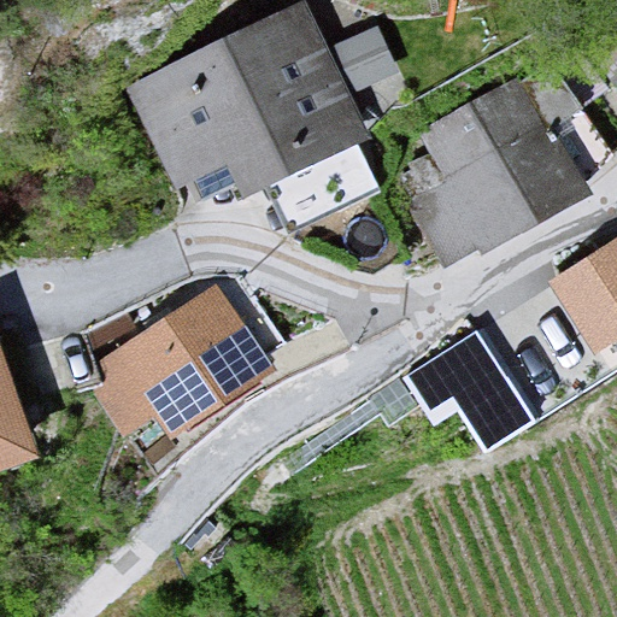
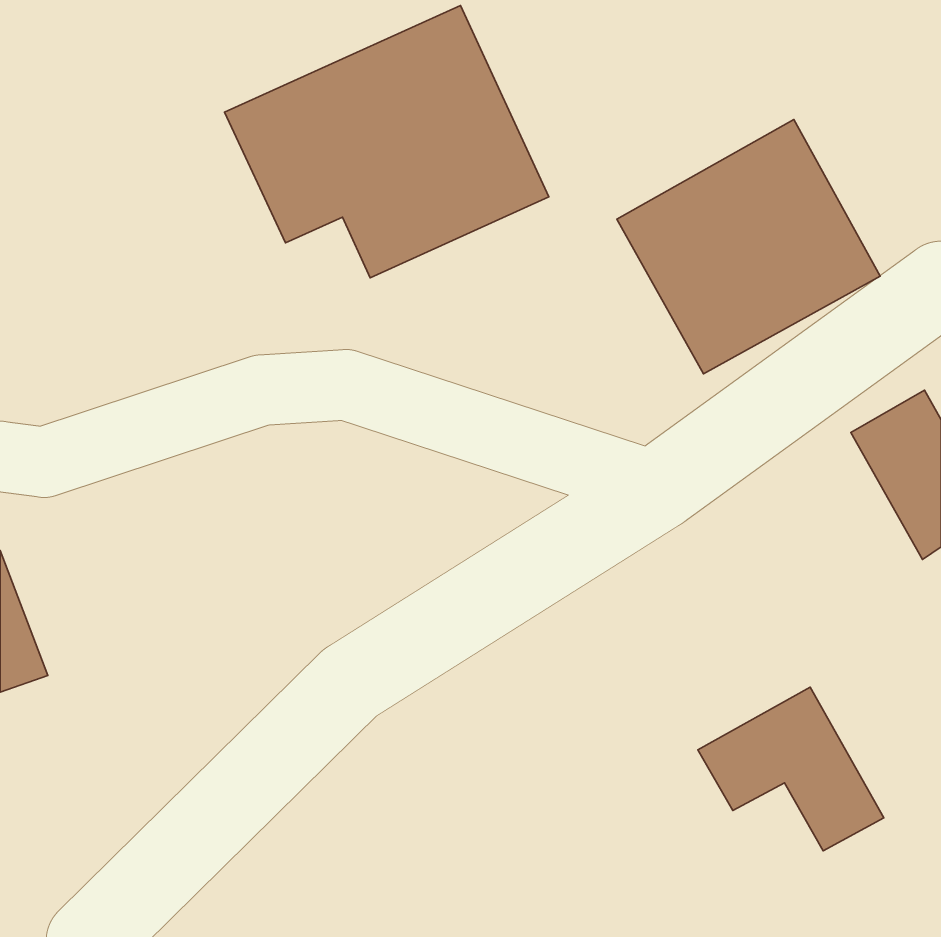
building: [116,283,264,421] -> none
building: [407,336,529,443] -> [698,687,884,851]

